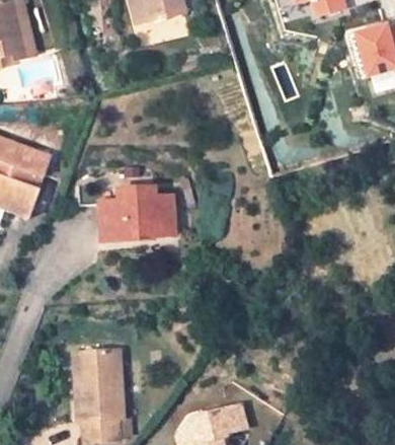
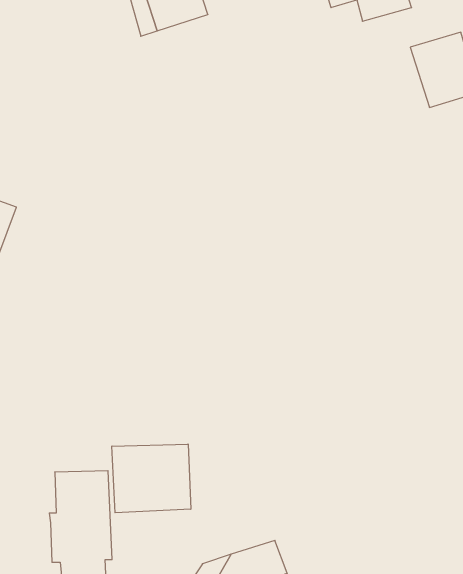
building: [99,189,175,244] -> none
building: none -> [112,444,191,513]

